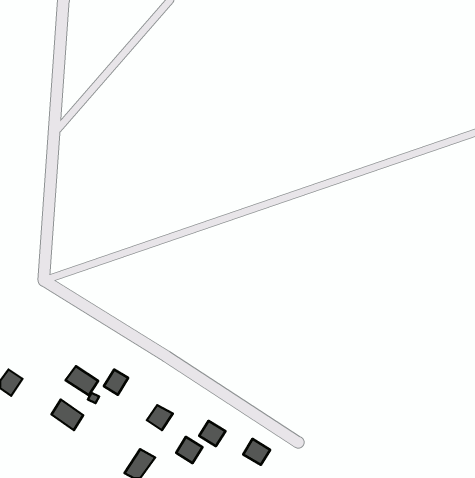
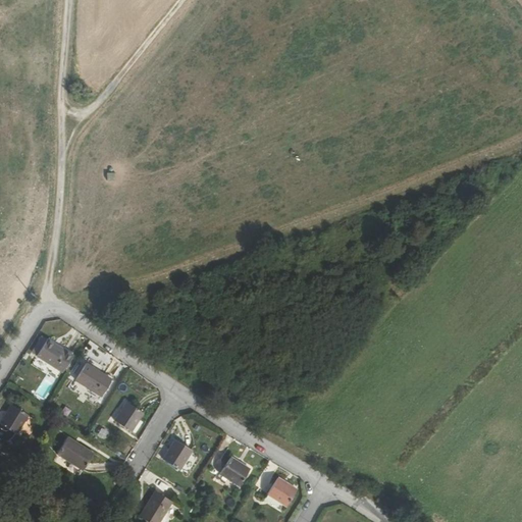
building: none -> [36,337,71,370]
building: [65,366,98,395] -> [74,363,110,395]
building: [176,437,202,463] -> none

